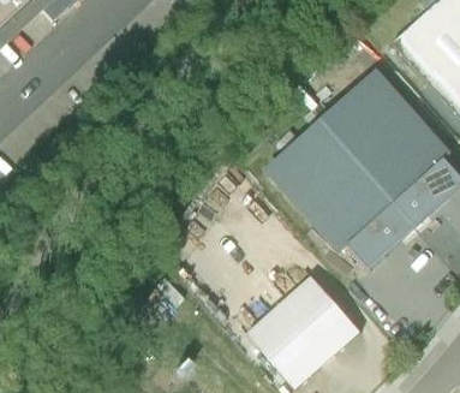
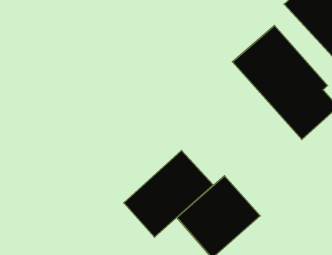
building: [265,120,416,268] -> none
building: none -> [124,150,213,237]

